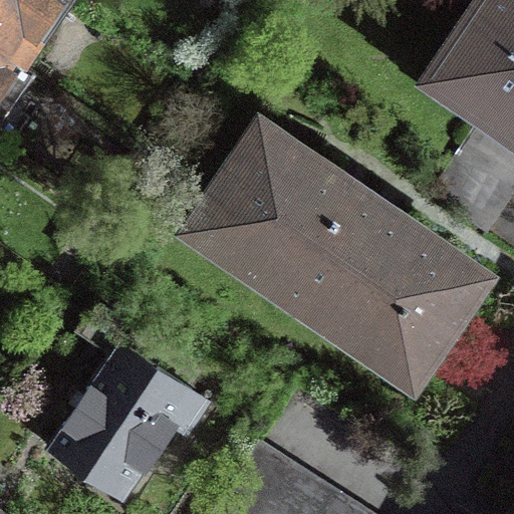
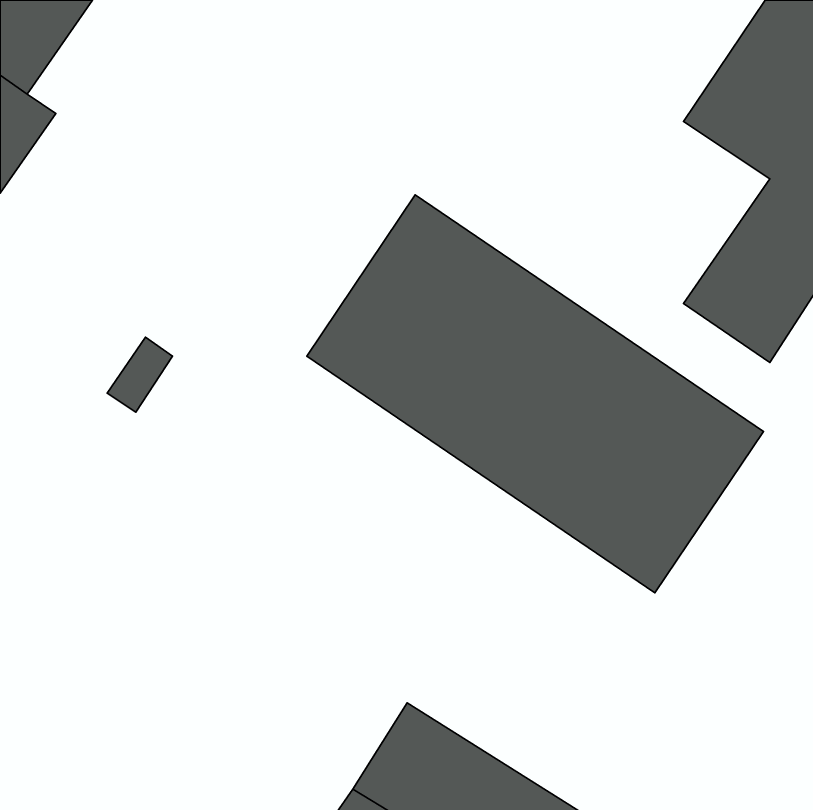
building: [50,305,208,497] -> none

